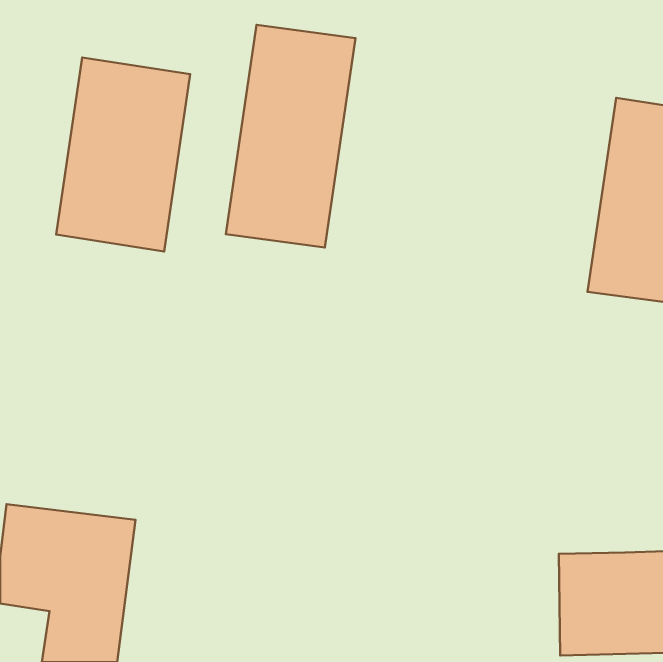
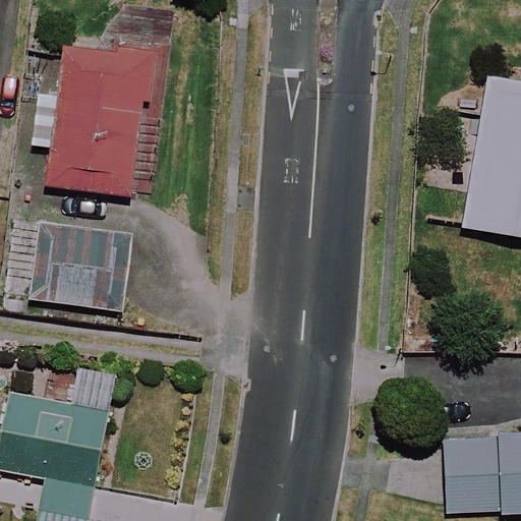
building: [226,25,355,247] -> none
building: none -> [31,227,132,311]

